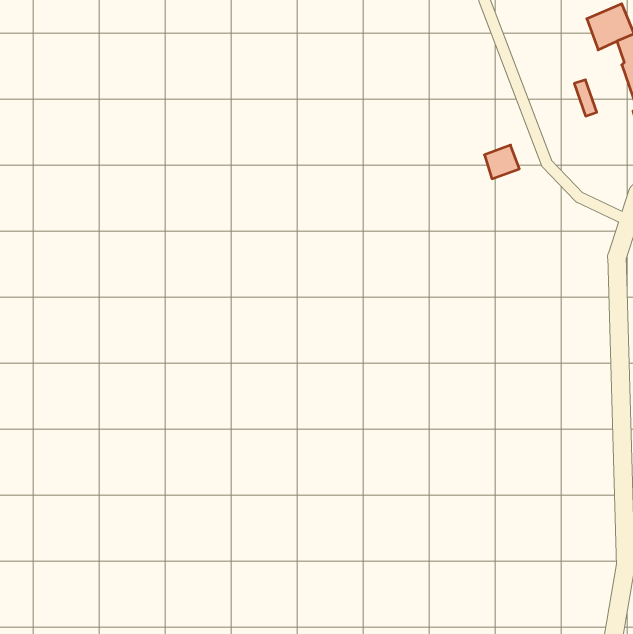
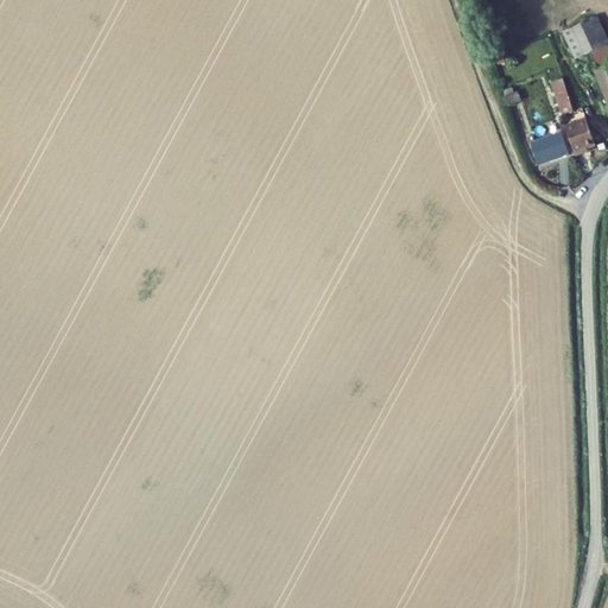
building: none -> [565,118,596,154]
building: [484,145,519,179] -> [536,131,569,163]

